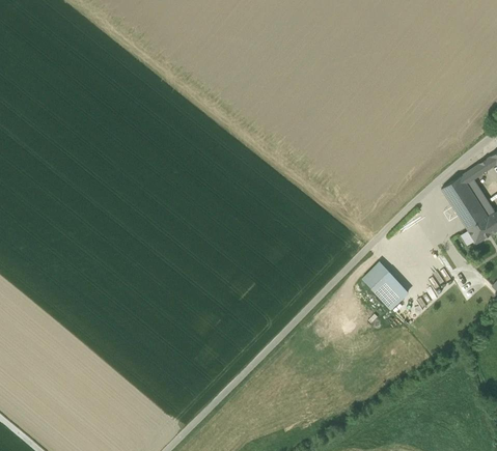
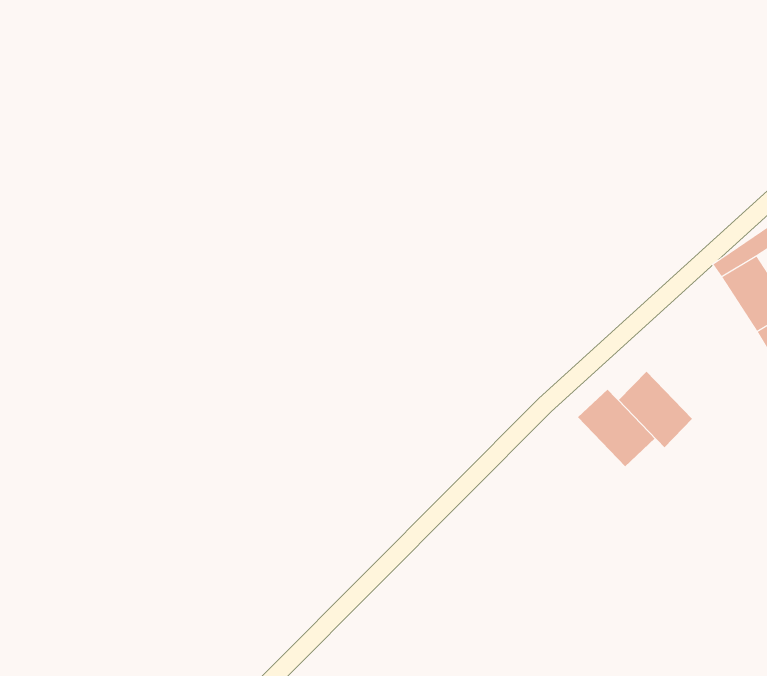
building: none -> [618,371,693,448]

